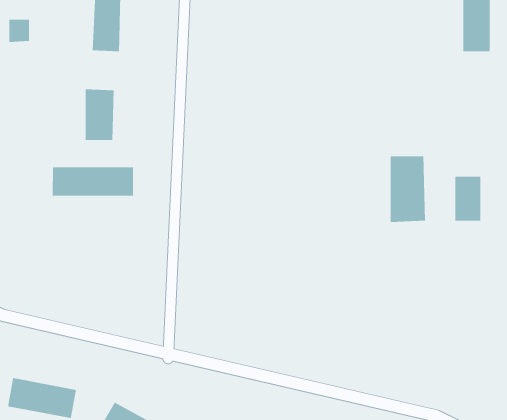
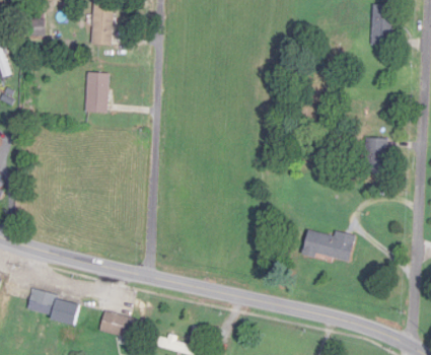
building: [390,155,426,223] -> none
building: [52,167,134,196] -> none
building: none -> [301,230,353,262]

